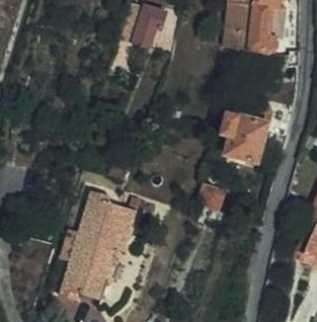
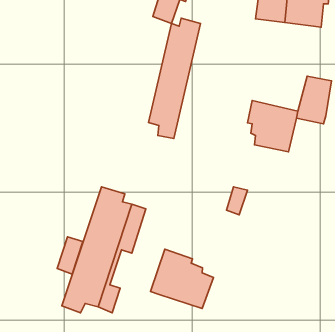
building: none -> [148,18,201,138]
building: none -> [151,249,214,309]

